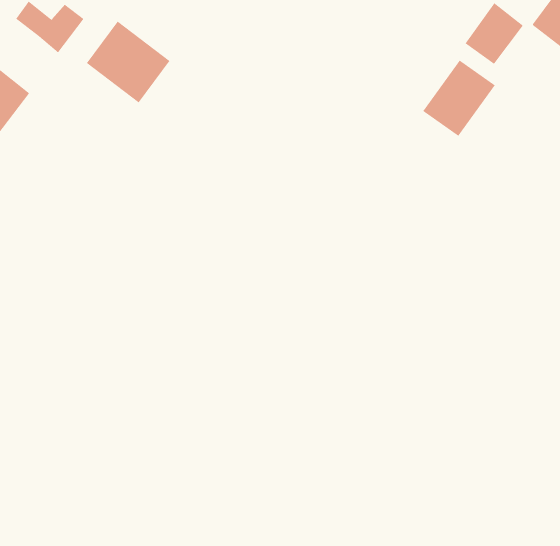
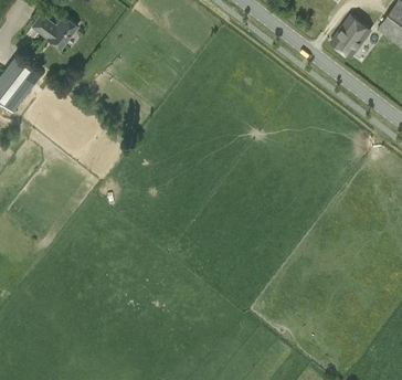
building: [86,21,171,103] -> none
building: [422,60,496,137] -> none

